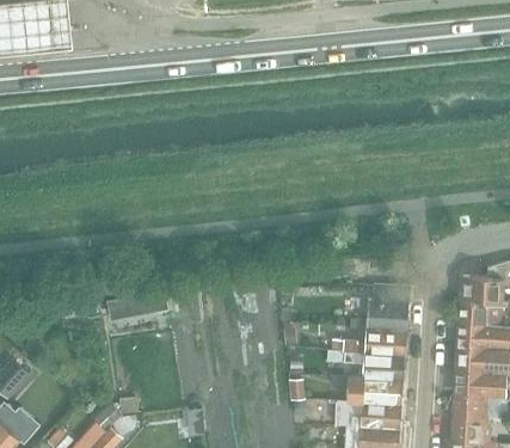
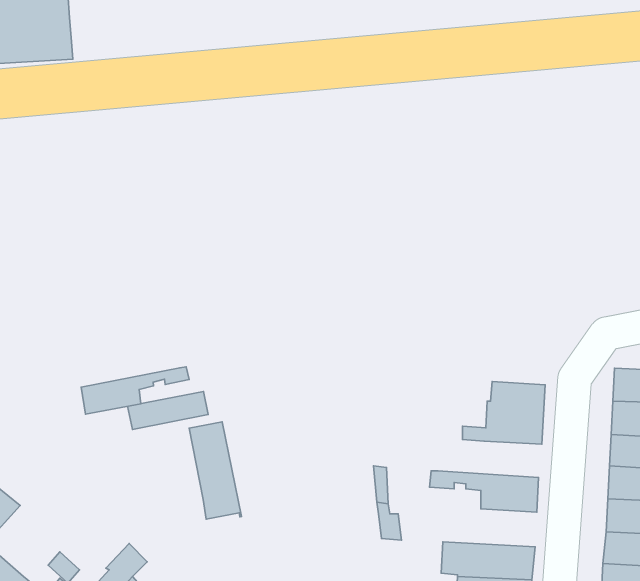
building: none -> [81,367,189,414]
building: none -> [189,422,242,519]
building: [332,326,407,354] -> none
building: [336,375,404,404] -> none

